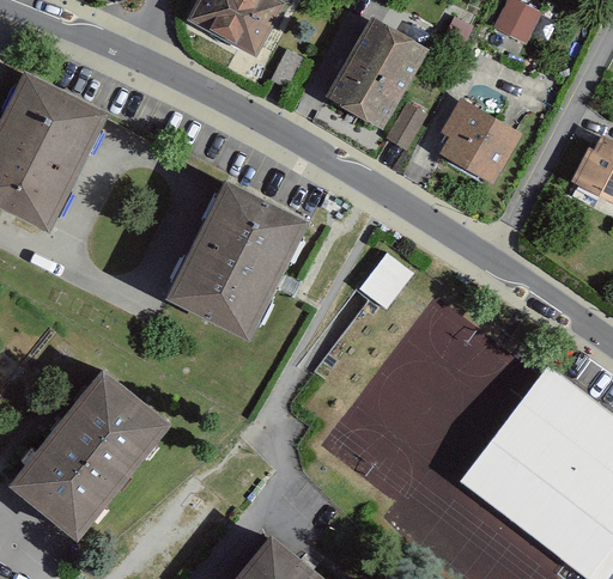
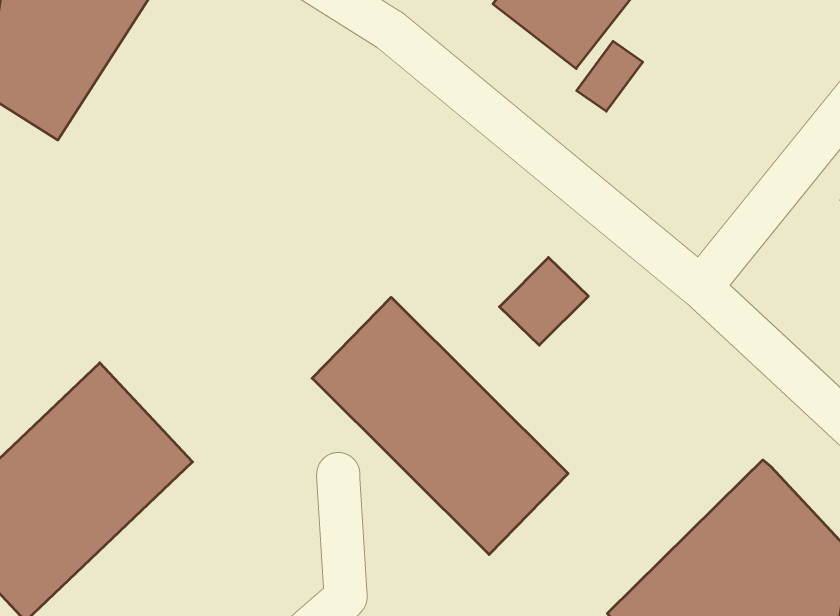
building: [442,100,527,187] -> none
building: [165,173,312,337] -> none
building: none -> [312,297,568,555]

